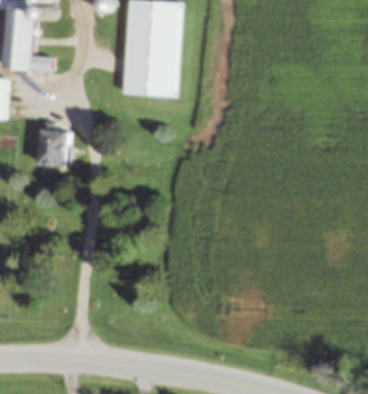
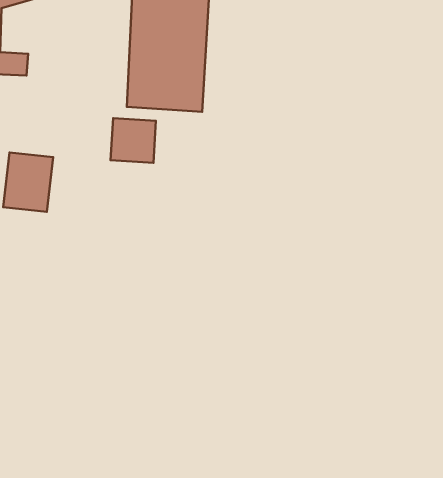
building: none -> [111,118,156,163]

